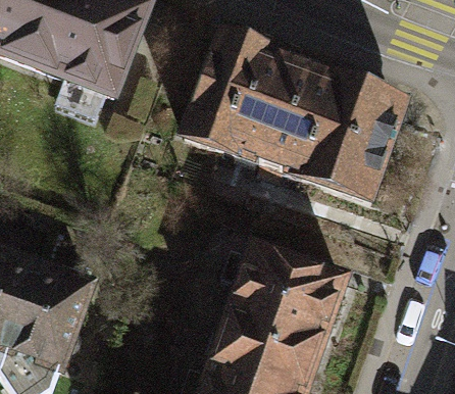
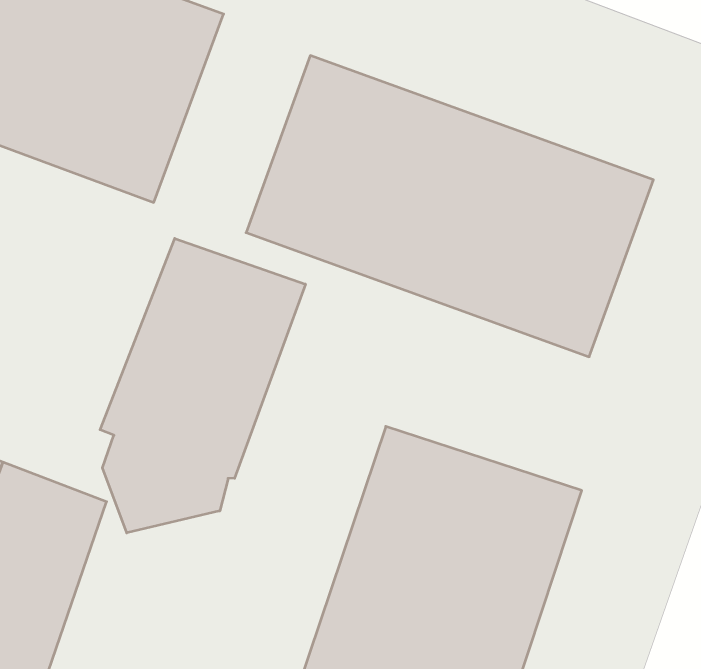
building: none -> [100,238,305,533]

